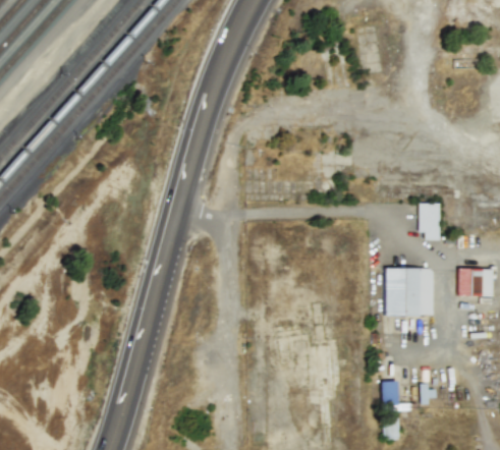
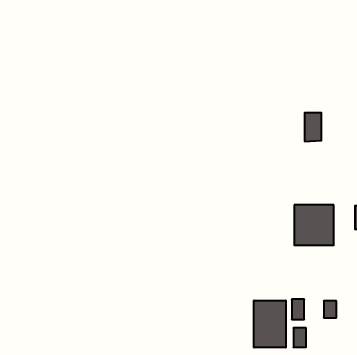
building: [419,205,439,239] -> [305,113,321,141]
building: none -> [254,300,286,348]

